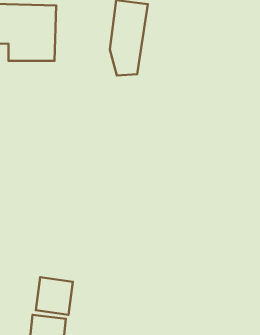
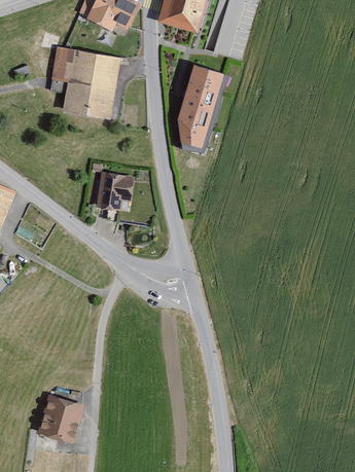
building: none -> [98,174,135,211]
building: [36,277,73,315] -> none

